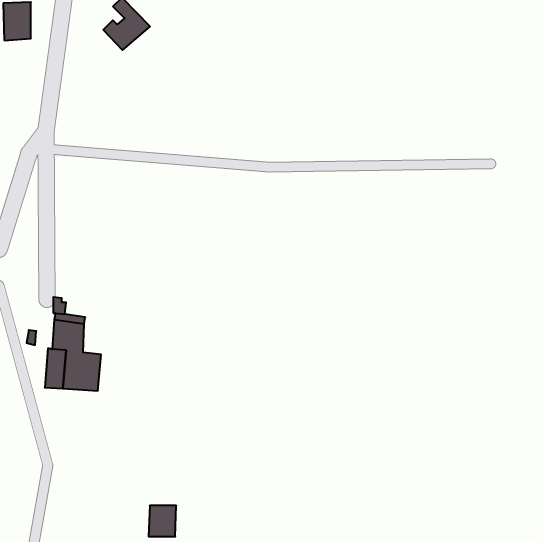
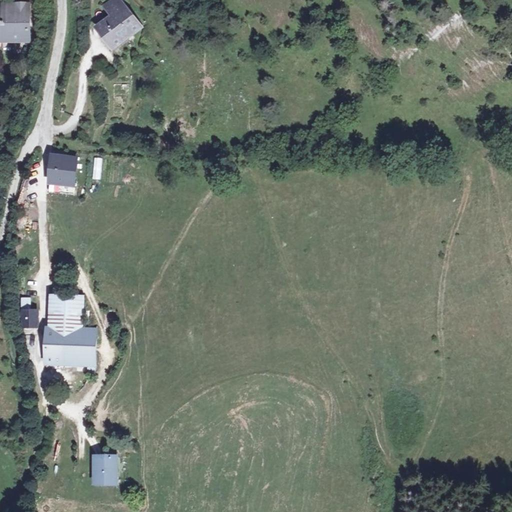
building: none -> [46,154,78,193]
building: [149,506,176,537] -> [91,454,117,483]

